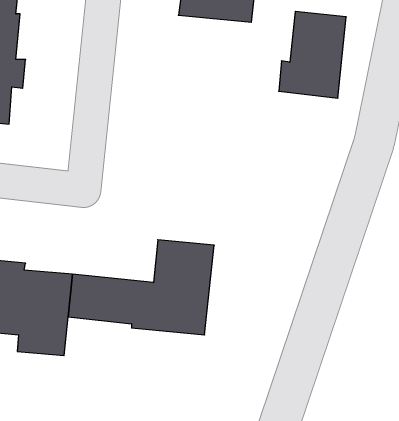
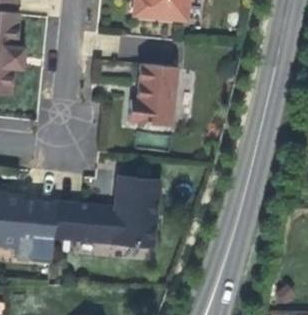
building: [279,11,346,98] -> [128,63,177,126]

